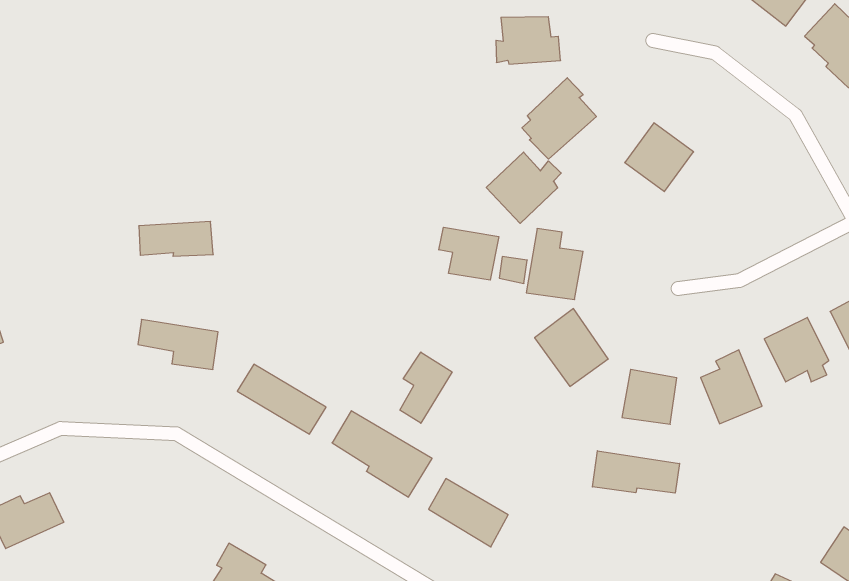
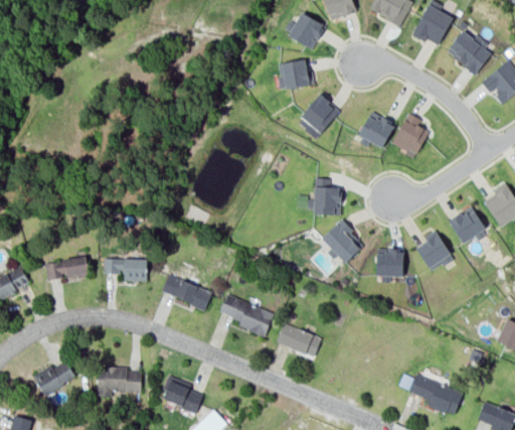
building: none -> [392,113,428,155]
building: [486,152,561,223] -> none
building: [139,221,213,256] -> [45,256,89,280]
building: [439,227,499,280] -> none
building: [400,352,452,423] -> none
building: [592,451,680,493] -> none
building: none -> [98,367,142,397]

